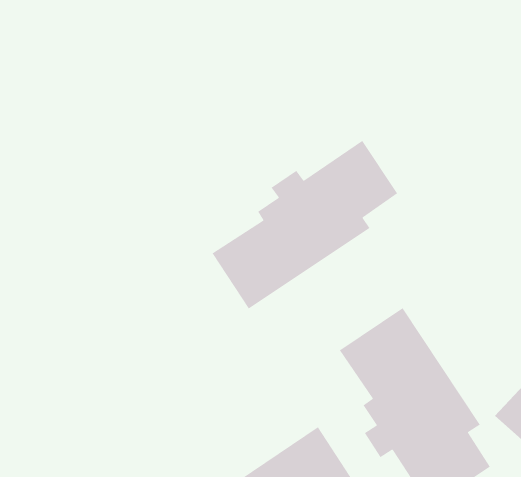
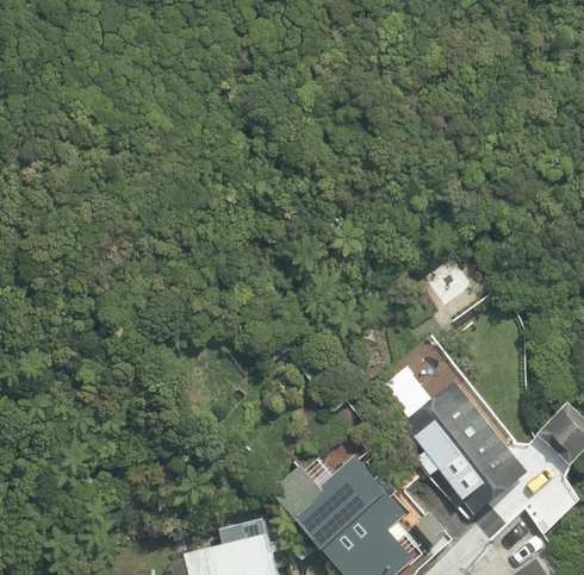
building: [211,140,398,309] -> none

